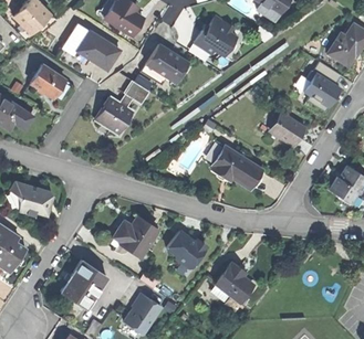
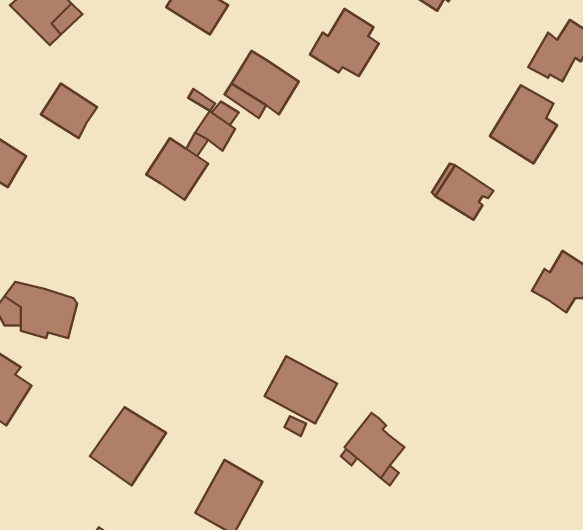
building: [69,28,119,68] -> none
building: [211,146,263,190] -> none
building: [114,216,157,257] -> none

